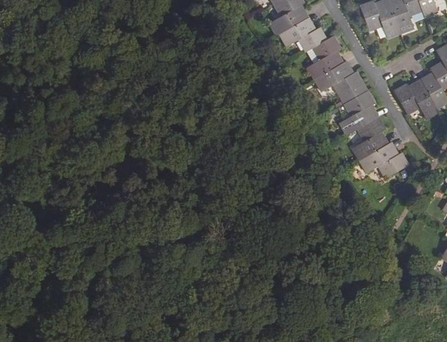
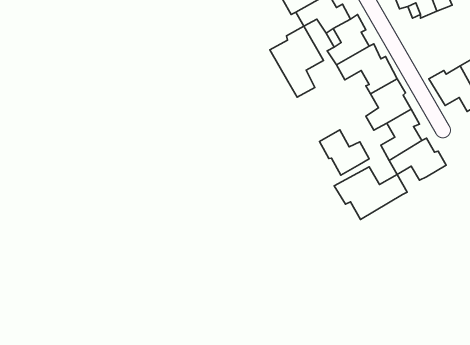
building: none -> [270,26,324,97]
building: none -> [319,130,369,175]
building: none -> [334,167,407,220]

